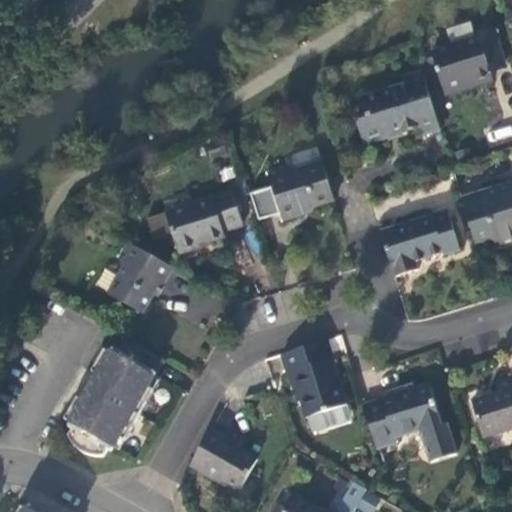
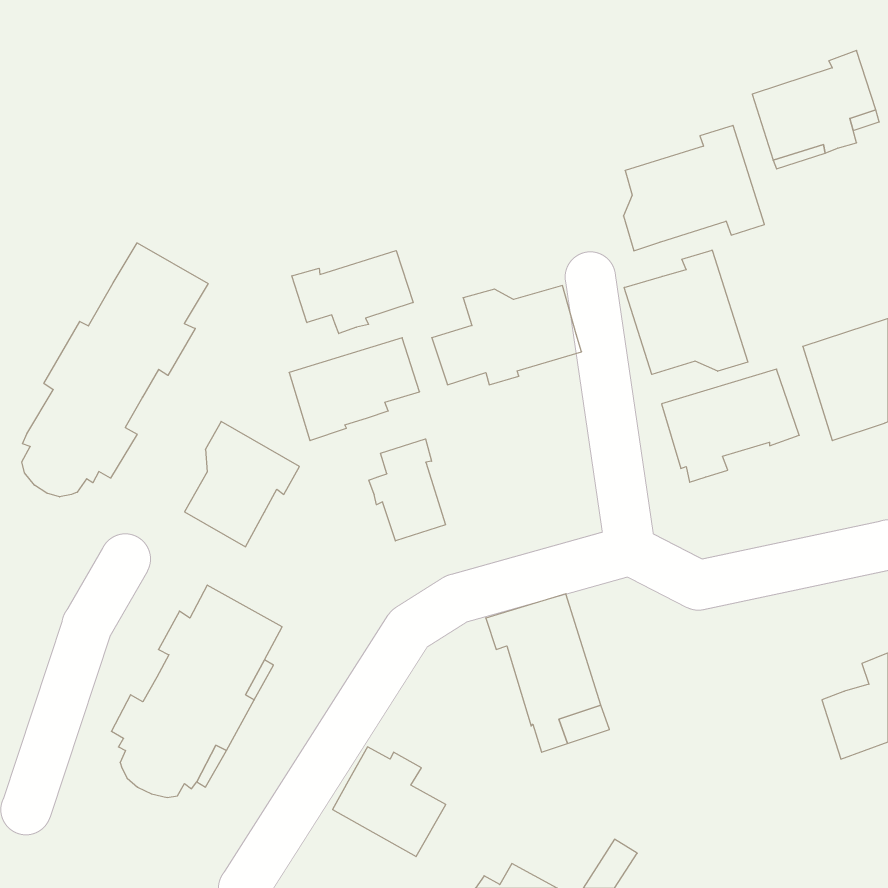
building: none -> [22,243,208,497]
building: none -> [624,250,748,374]
building: none -> [292,251,413,334]
building: none -> [369,439,445,541]
building: [362,384,455,462] -> none

